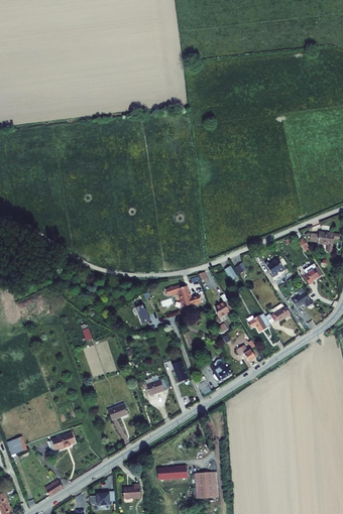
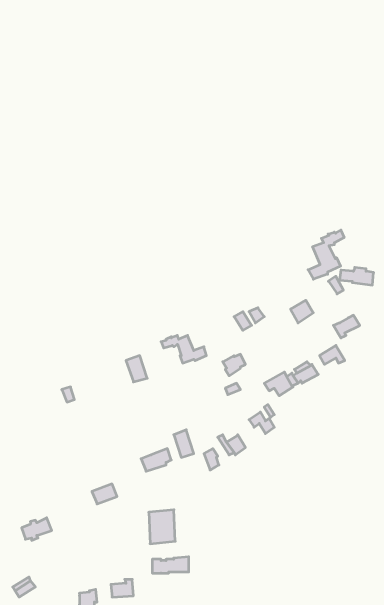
building: none -> [308,230,344,279]
building: [194,470,215,497] -> [149,510,175,544]

